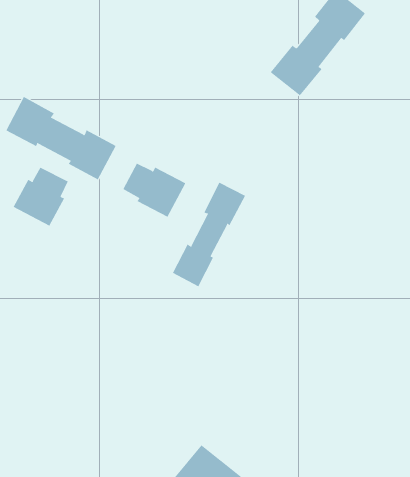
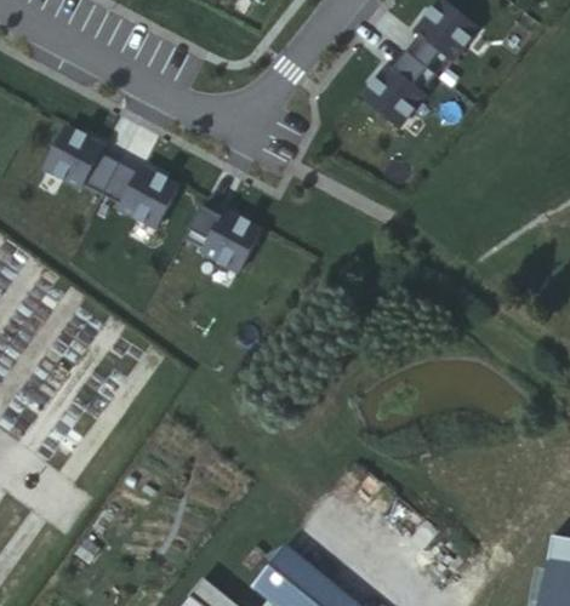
building: [13,167,68,226] -> none
building: [172,182,246,287] -> none

